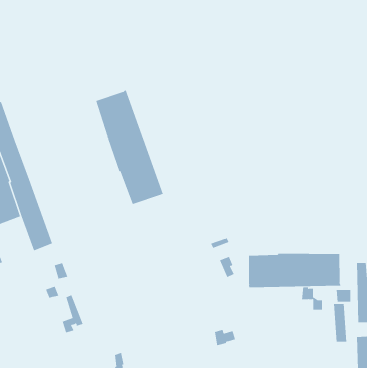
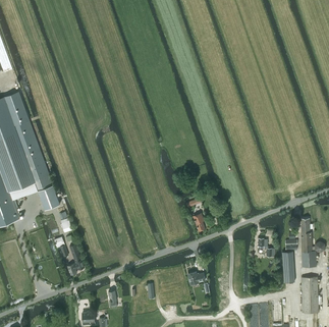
building: [95,89,164,205] -> none
building: [248,253,341,288] -> none

